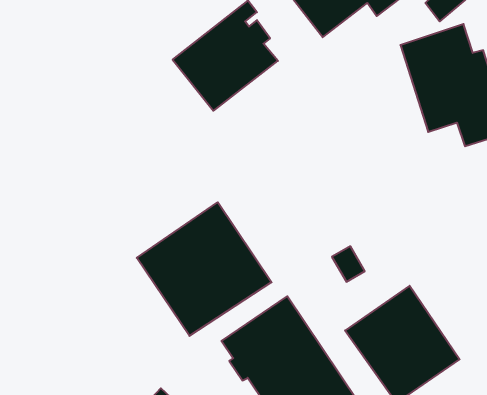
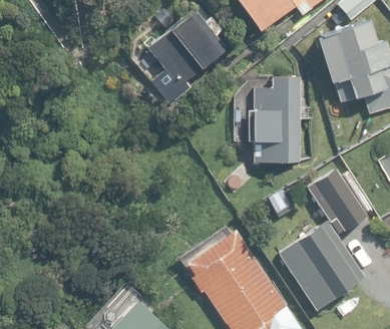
building: none -> [249,76,300,162]
building: [137,202,272,336] -> none
building: none -> [307,169,372,234]

